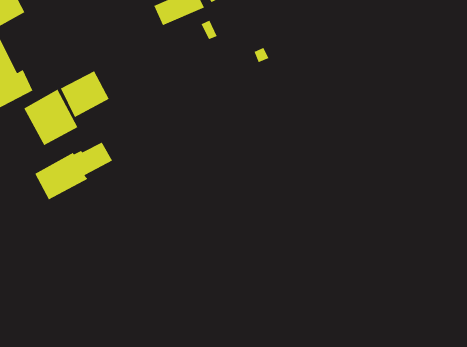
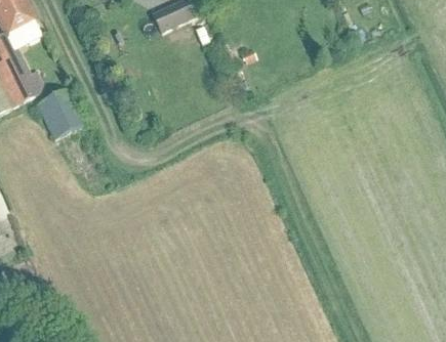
building: [60,70,110,118] -> none
building: [34,141,113,201] -> none

